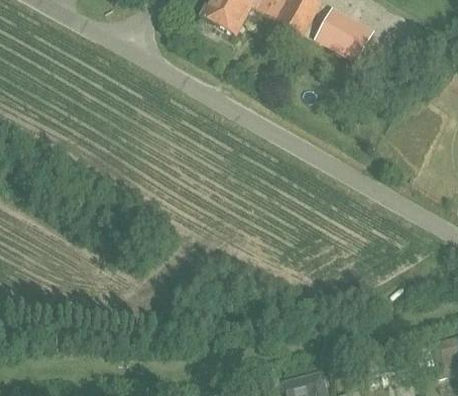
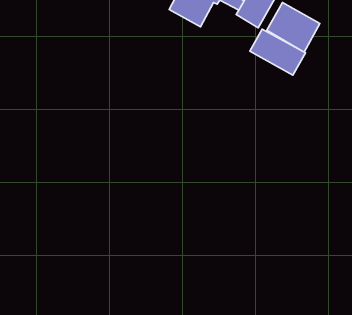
building: none -> [250,29,306,75]

